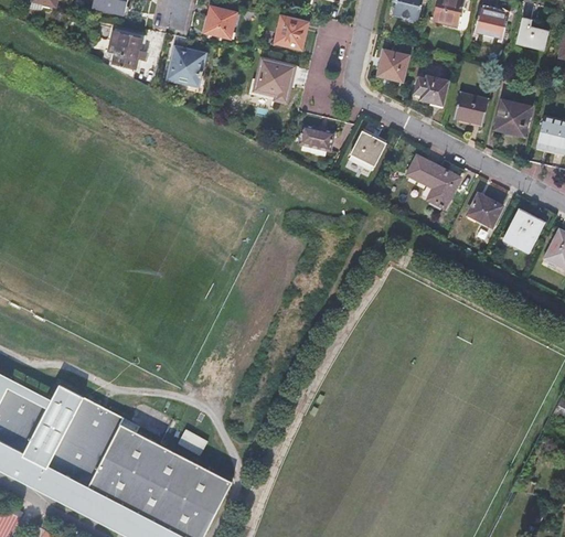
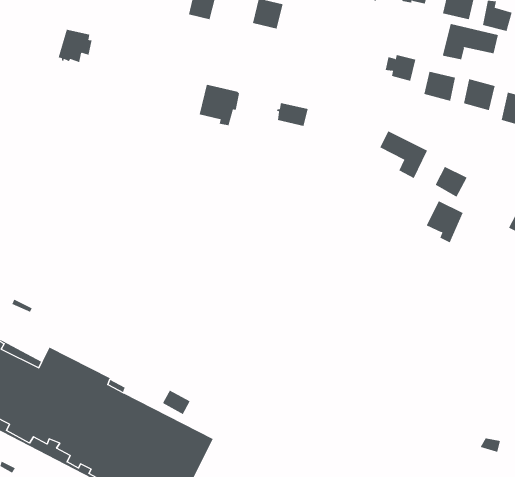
building: [110,33,147,68] -> [58,29,92,63]
building: none -> [442,23,498,60]
building: [166,46,205,84] -> none
building: [376,50,407,80] -> none
building: [253,57,296,101] -> [199,84,240,126]
building: [349,129,386,170] -> none
building: [503,207,543,253] -> [426,200,464,243]

